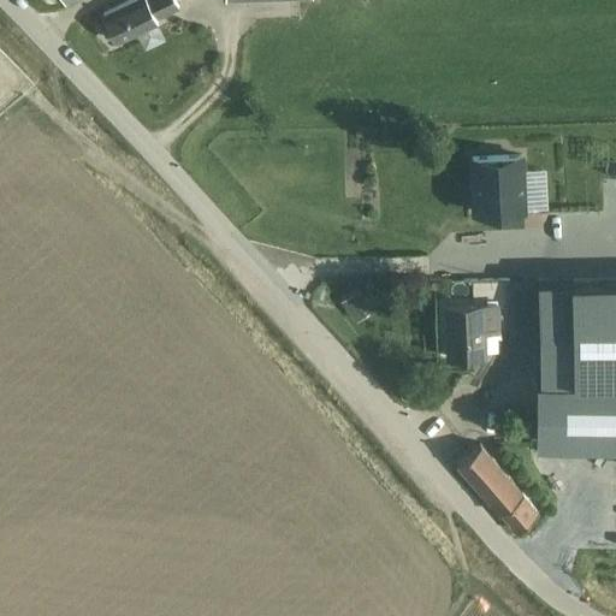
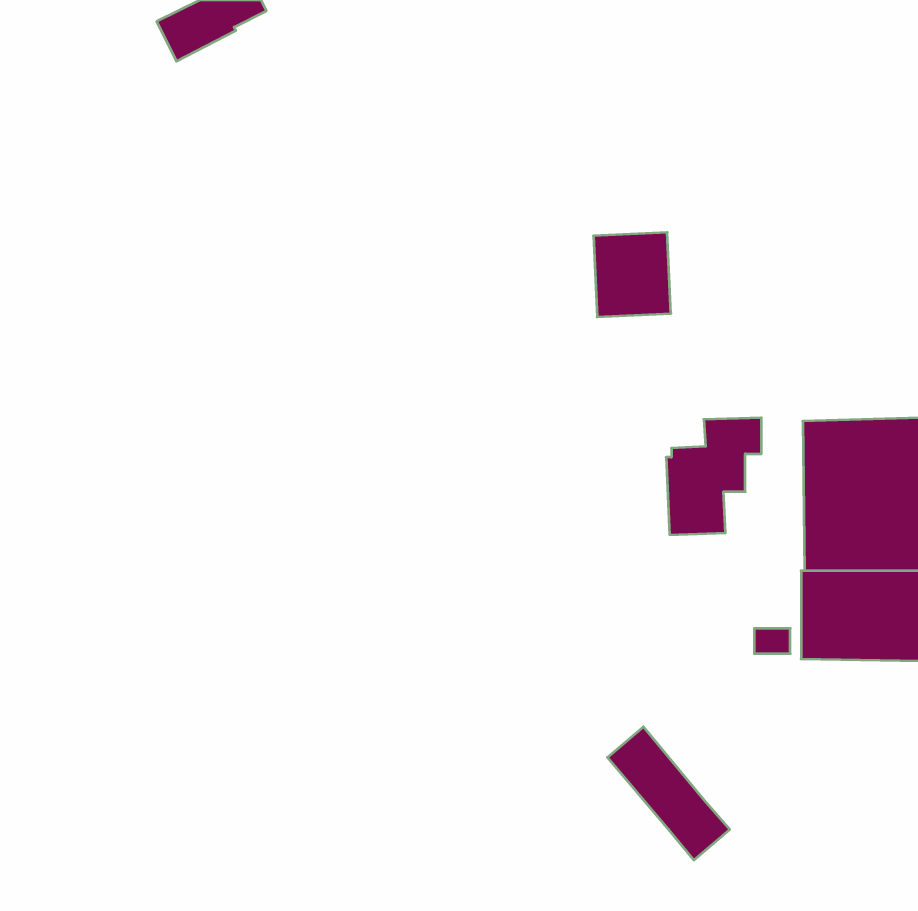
building: [473,161,525,218] -> [593,232,671,317]
building: [458,449,540,538] -> [607,727,730,860]

